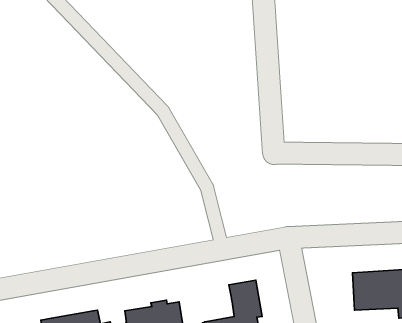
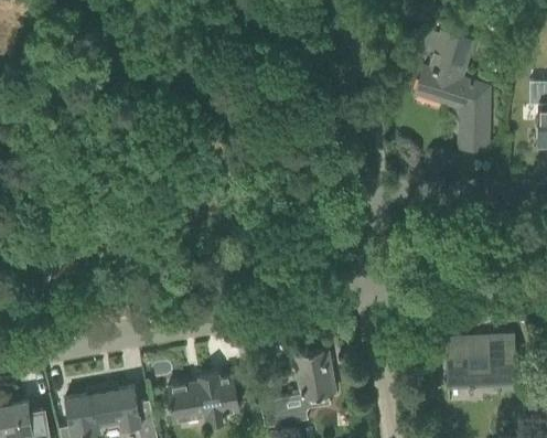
building: none -> [416,33,487,149]

